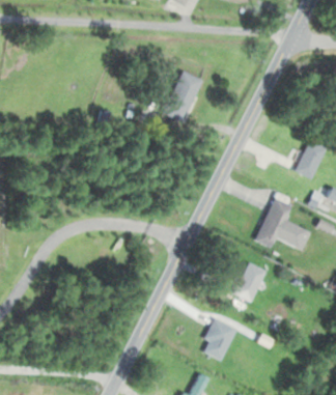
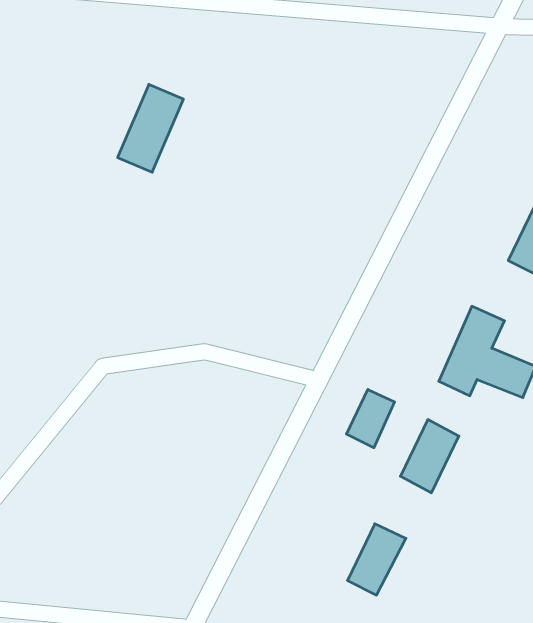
building: [163,74,200,123] -> [118,84,183,172]
building: none -> [346,389,395,448]

